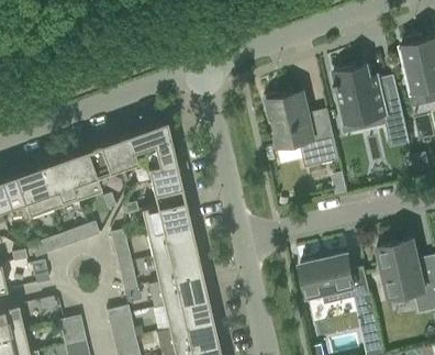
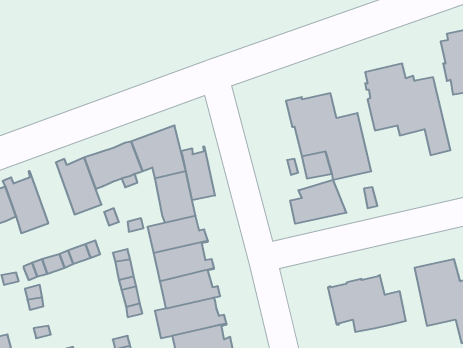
building: none -> [181,146,215,200]
building: [37,154,77,208] -> none
building: none -> [290,180,346,224]

